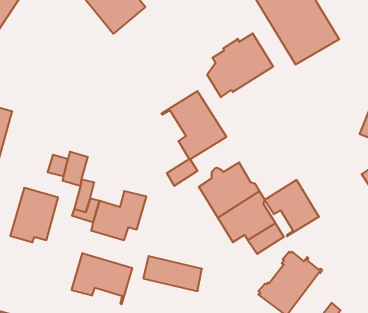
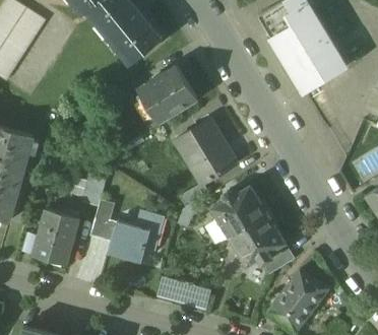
building: [207,33,273,97] -> [135,64,198,125]
building: [265,180,319,236] -> none
building: [72,253,132,304] -> none

